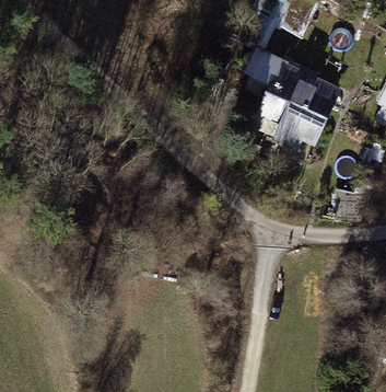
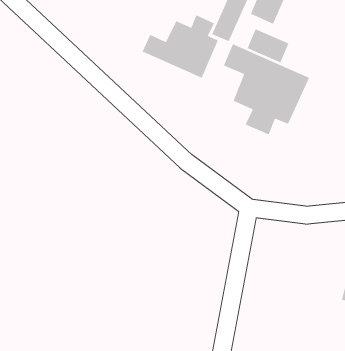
building: none -> [142,14,219,79]

